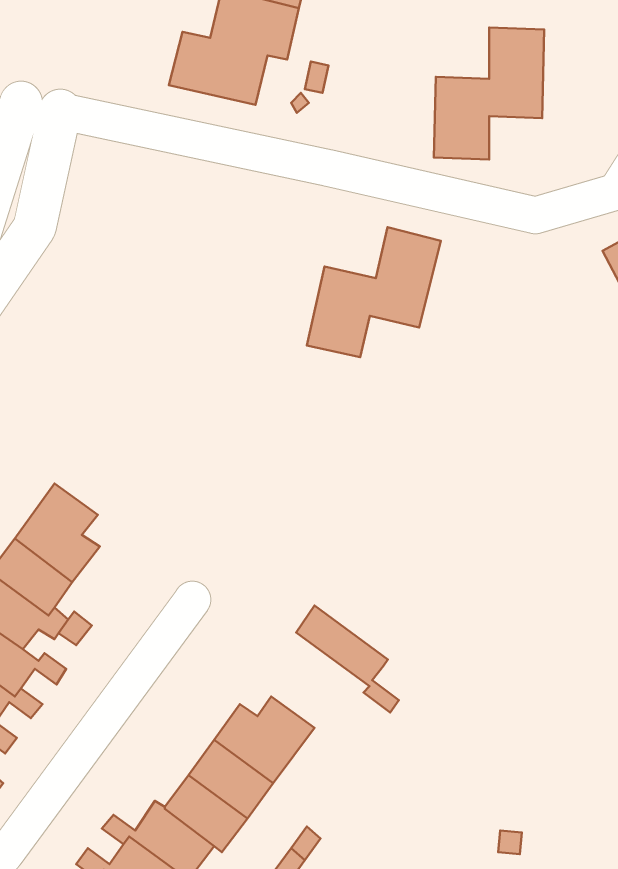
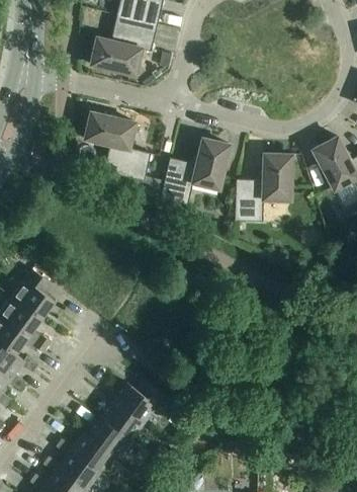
building: [434,27,544,160] -> [235,154,291,222]
building: none -> [84,111,161,199]
building: [296,606,399,712] -> none

